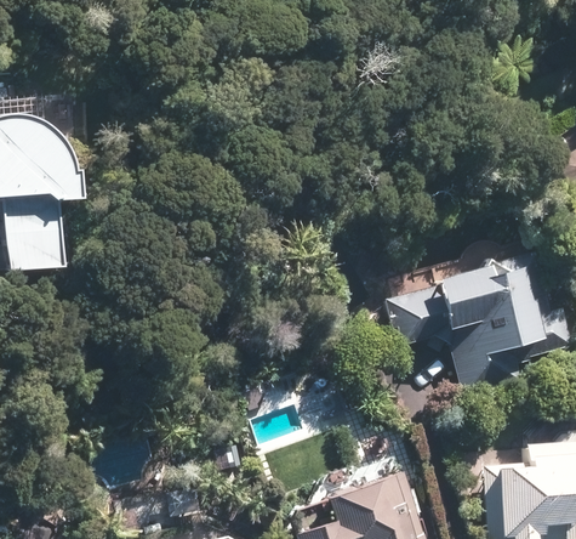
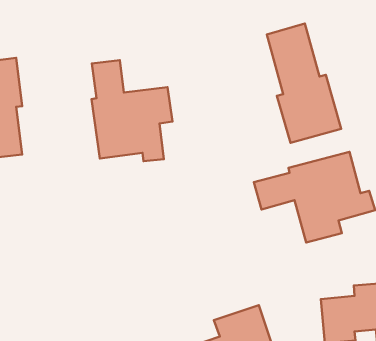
building: none -> [267,24,341,143]
building: none -> [92,60,172,161]

